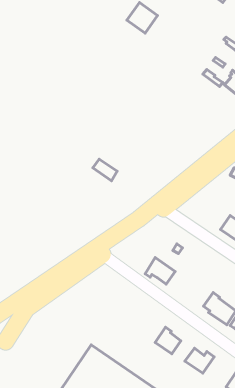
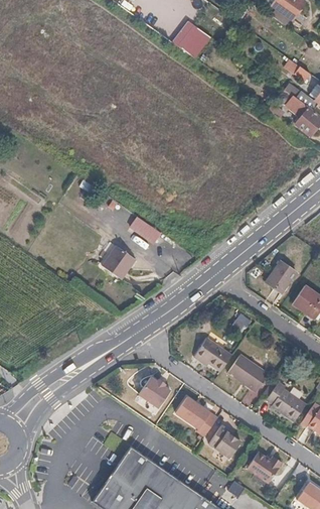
building: none -> [103,245,136,278]
building: none -> [263,261,294,293]
building: none -> [230,356,271,393]
building: none -> [141,377,173,409]
building: none -> [173,397,216,437]

